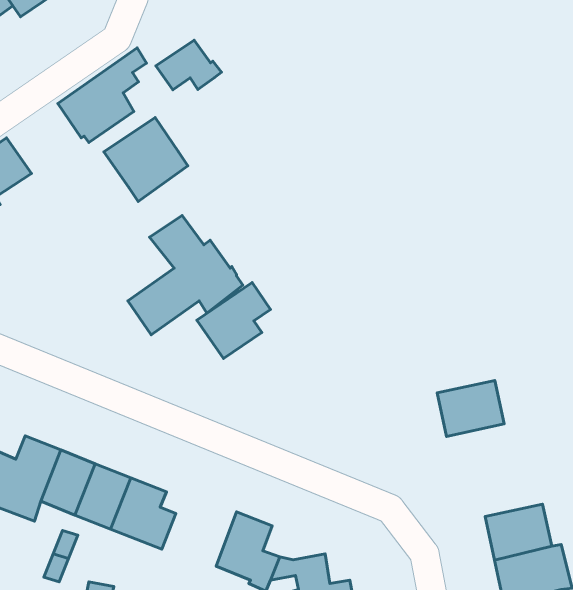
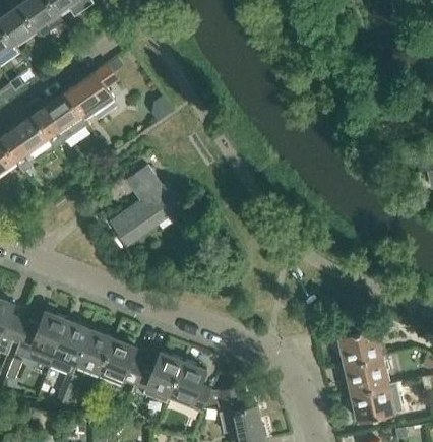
building: [156,40,222,90] -> none
building: [104,118,188,201] -> [32,93,86,148]
building: [197,282,270,359] -> none
building: [437,380,504,436] -> [338,327,382,364]
building: none -> [133,352,182,403]

